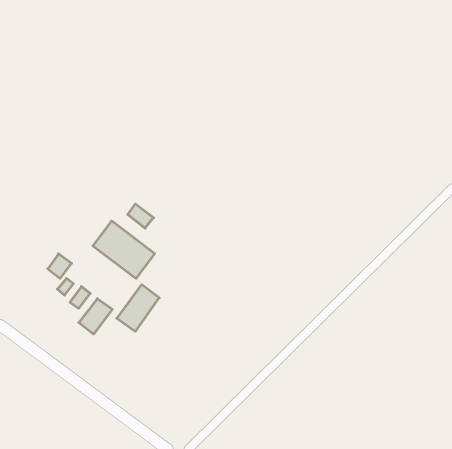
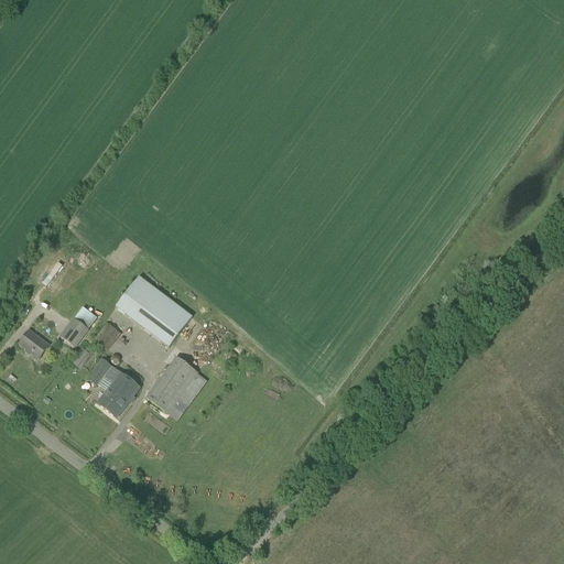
building: [128,204,154,228] -> none
building: none -> [20,329,50,359]

